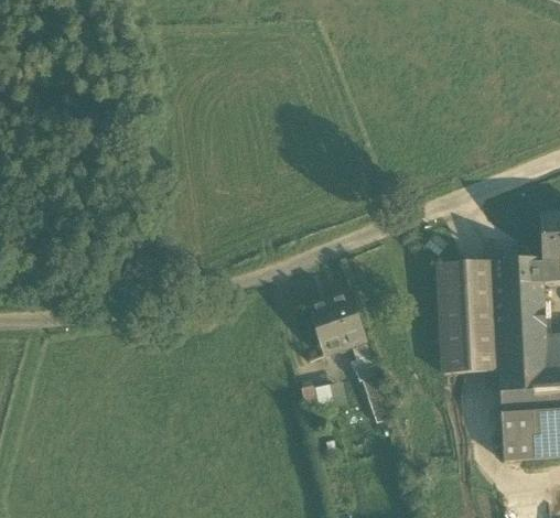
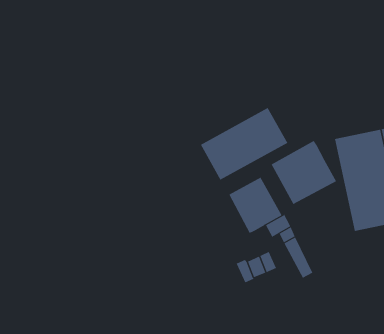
building: none -> [200,107,288,180]
building: none -> [271,140,337,205]

